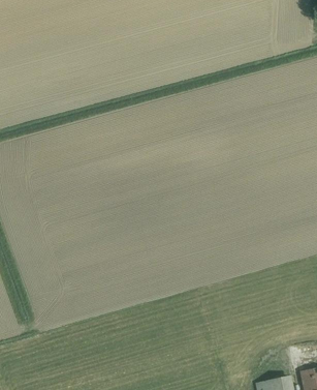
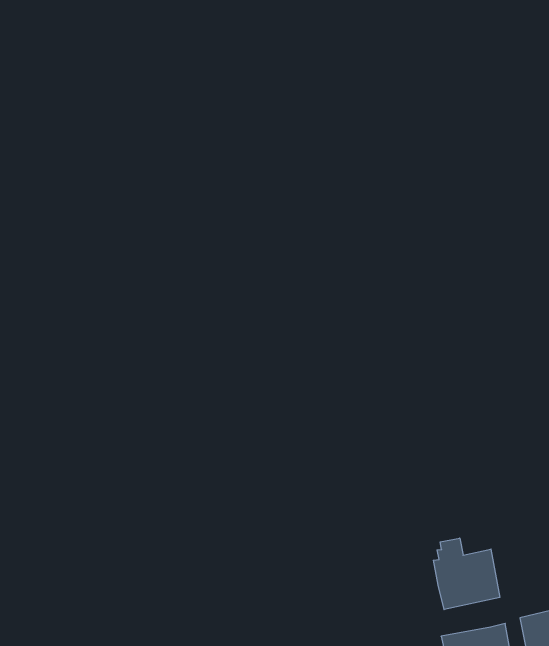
building: none -> [433,538,500,610]

